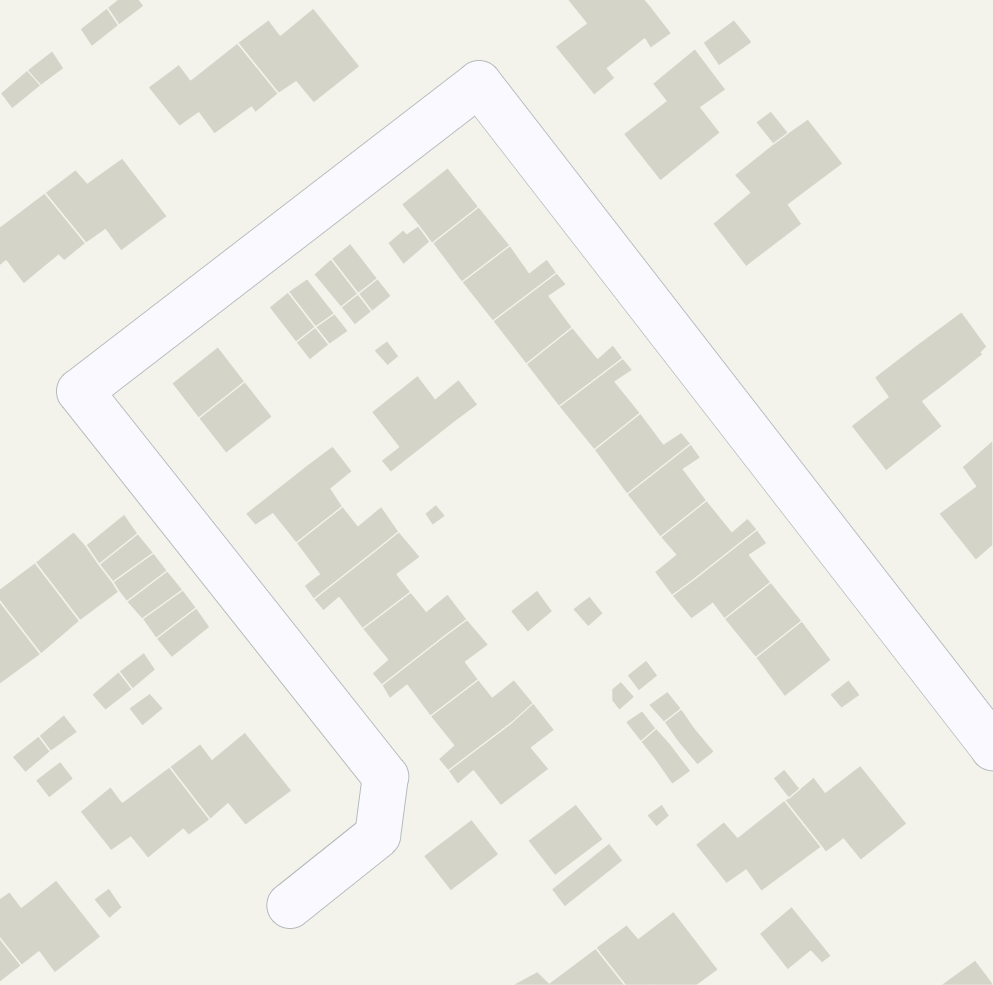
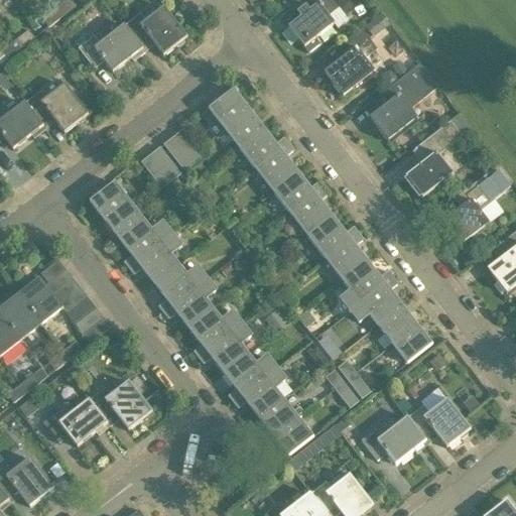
building: none -> [404,111,470,196]
building: [371,375,478,473] -> [117,216,172,266]
building: [423,819,499,891] -> [259,398,298,435]
building: [759,906,831,970] -> none

